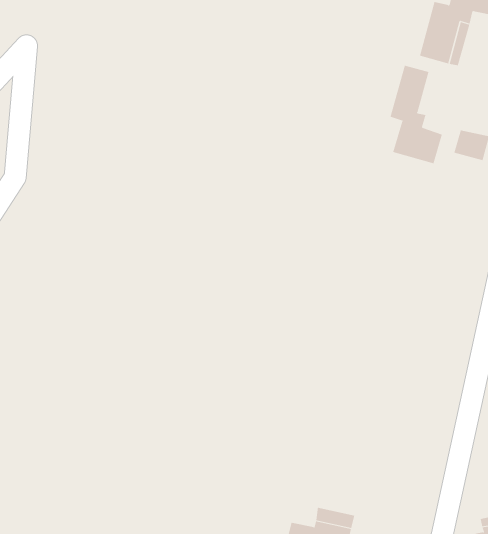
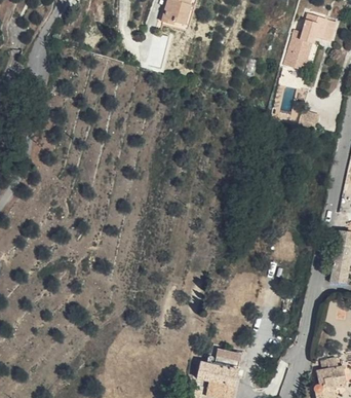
building: [390,65,442,164] -> none

